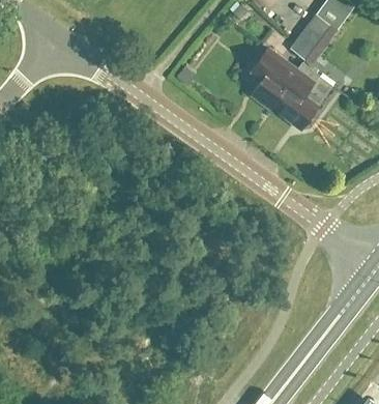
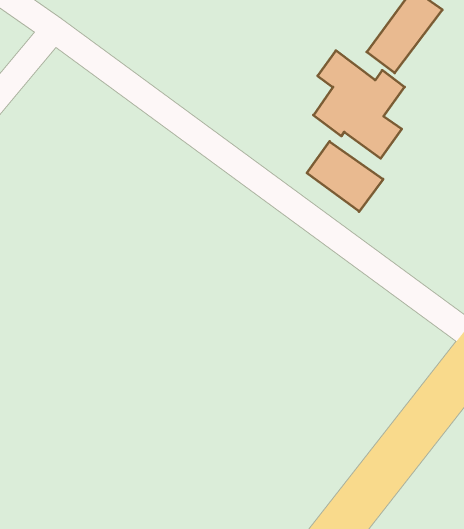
building: none -> [307,141,383,212]

